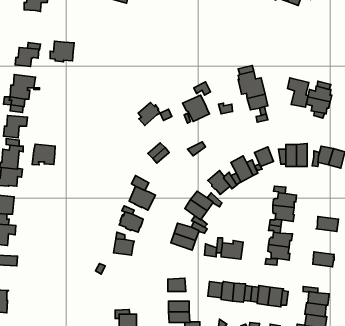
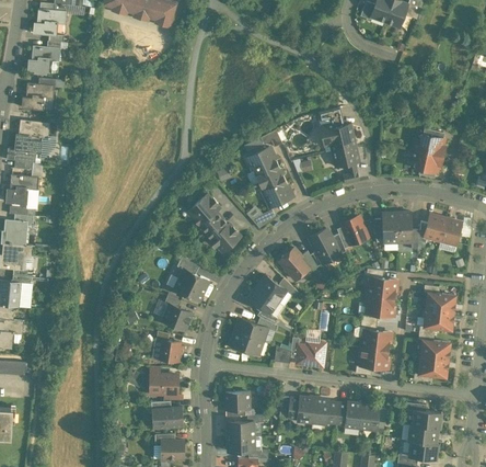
building: [50,41,74,62] -> [28,46,60,73]
building: [287,78,309,107] -> none
building: [138,103,160,125] -> [190,194,220,225]
building: none -> [259,172,292,207]
building: [32,144,55,165] -> none
building: none -> [211,223,241,251]
building: none -> [426,292,454,312]
building: none -> [420,339,450,360]
building: none -> [152,374,177,394]
building: none -> [151,407,184,428]

